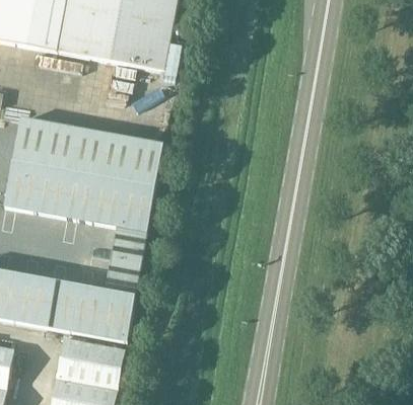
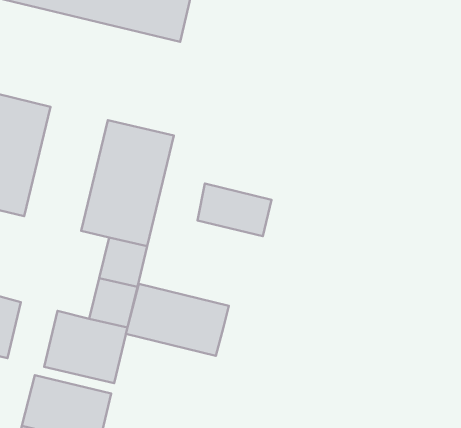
building: [48,126,110,222] -> none
building: none -> [197,184,272,236]
building: none -> [126,284,229,356]
building: [41,280,78,330] -> none

